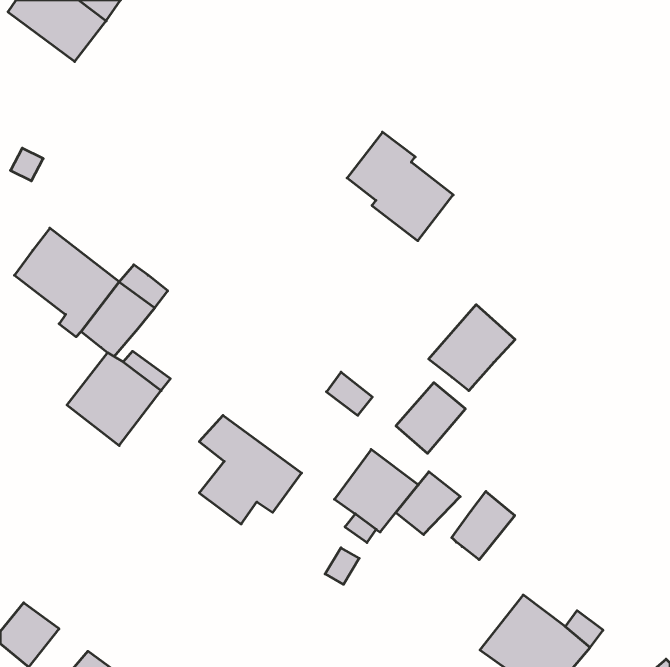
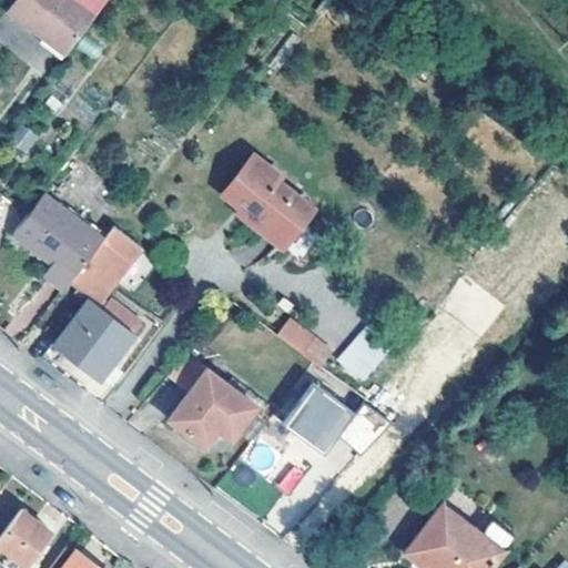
building: [347,132,453,241] -> [222,154,312,246]
building: [429,305,515,391] -> none
building: [452,491,515,560] -> none

